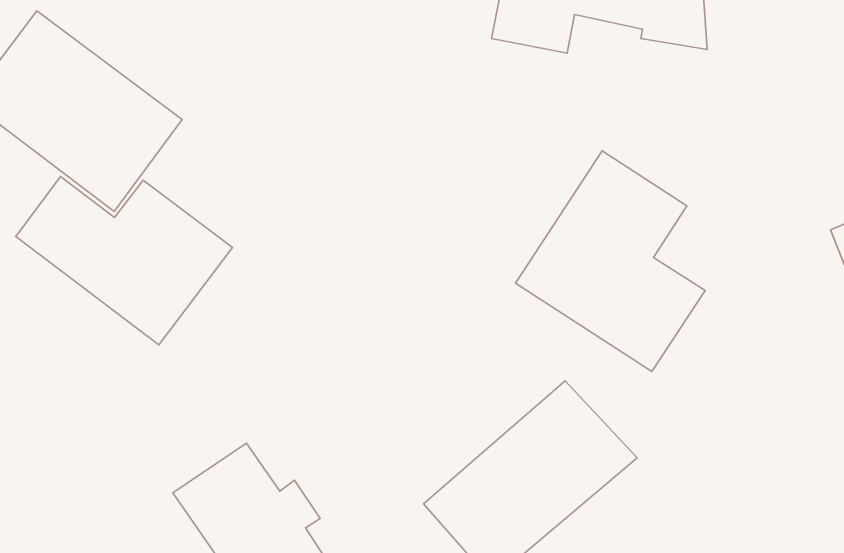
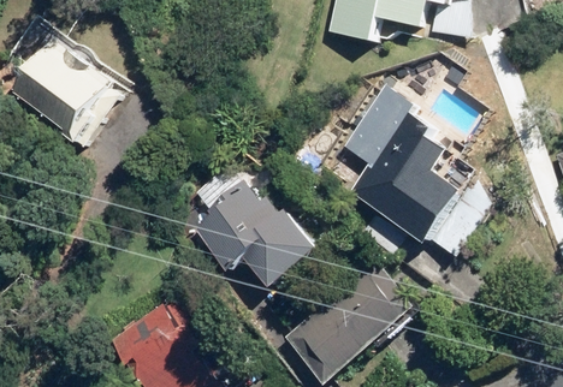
building: [16,177,232,345] -> none
building: none -> [185,161,321,287]

